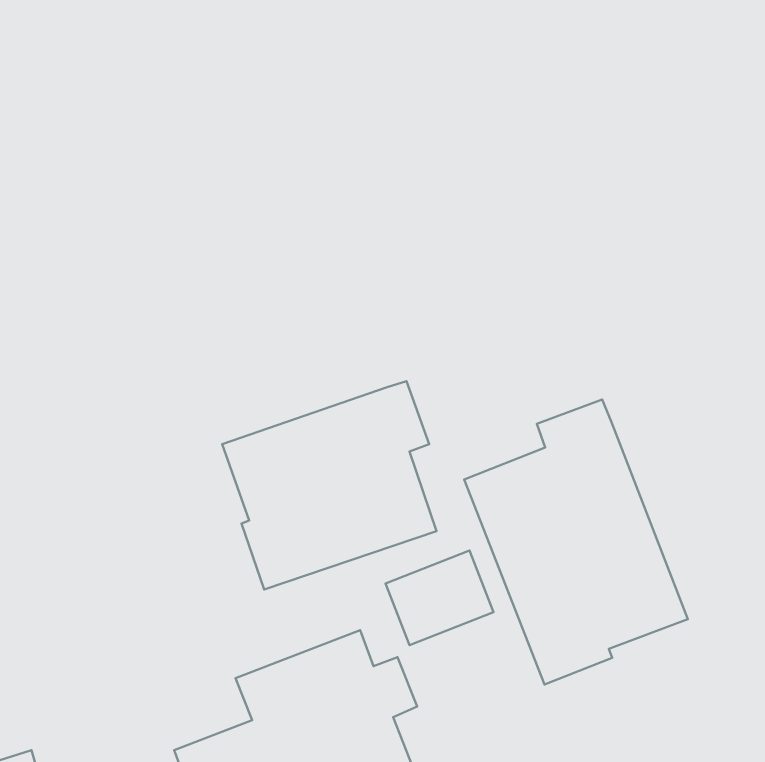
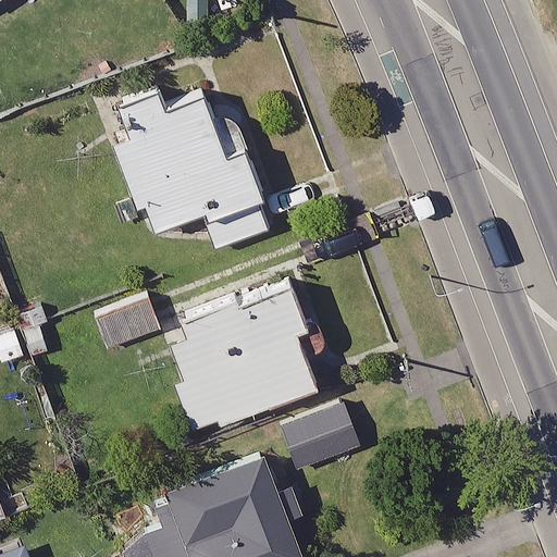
building: none -> [111,71,272,249]
building: [464,399,688,684] -> none

